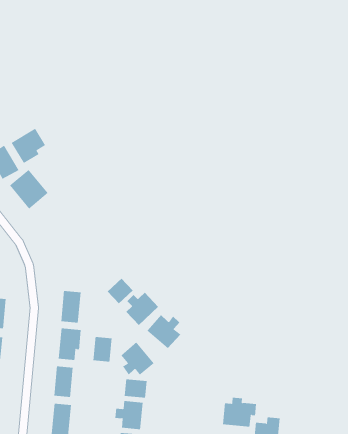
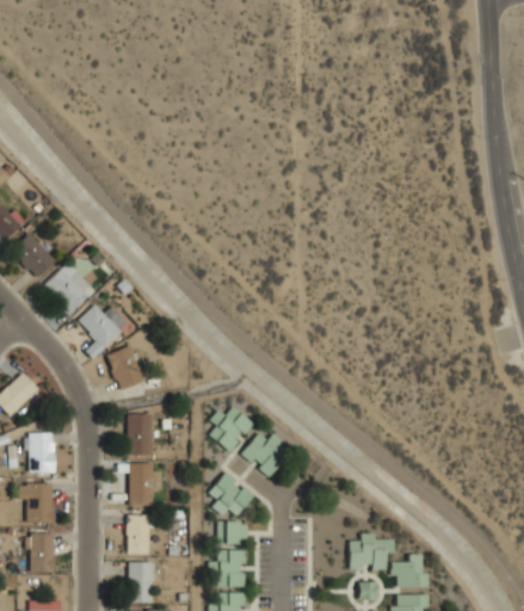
building: [11,128,46,164] -> none
building: none -> [78,304,130,358]
building: none -> [107,346,144,390]
building: [107,278,133,304] -> none
building: [93,336,112,362] -> none

